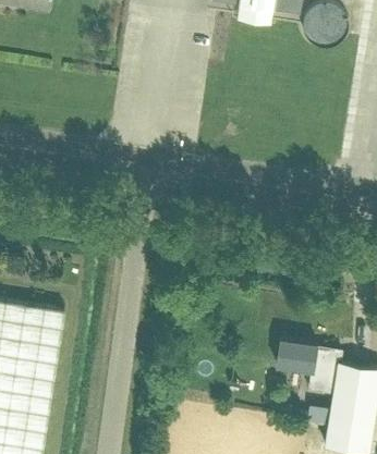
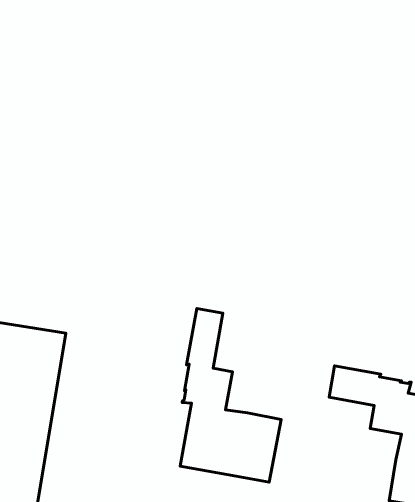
building: none -> [180,308,281,482]

